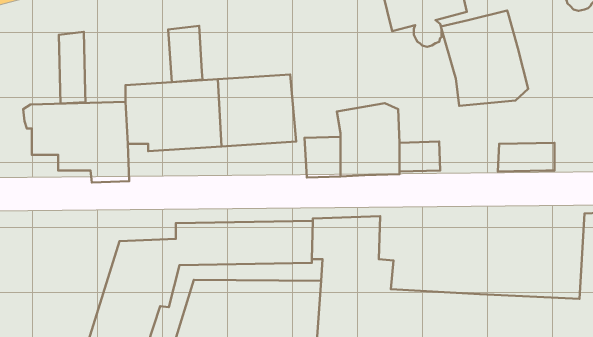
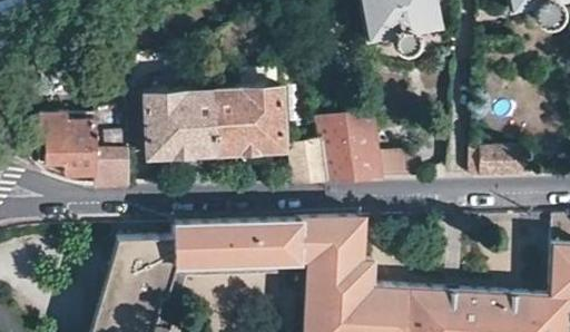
building: [441,10,528,106] -> none
building: [168,26,203,82] -> none
building: [59,32,86,104] -> none

